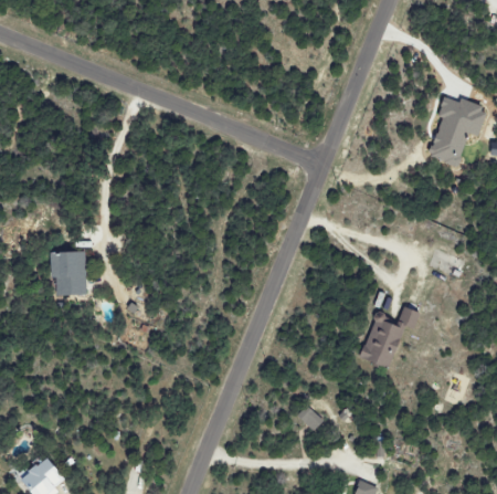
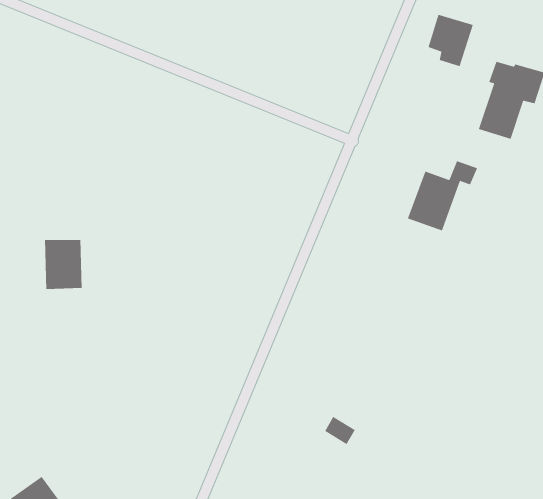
building: none -> [428,14,474,67]
building: [359,306,421,368] -> [407,160,478,231]

